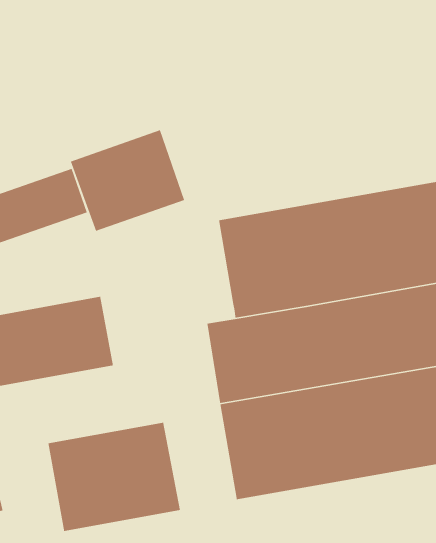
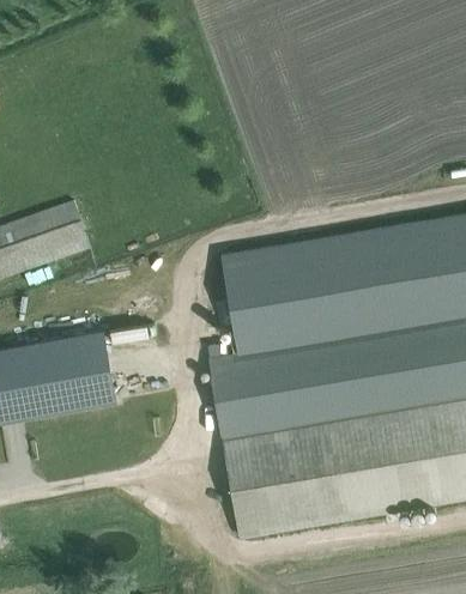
building: [70,129,185,232] -> none
building: [48,422,181,532] -> none

